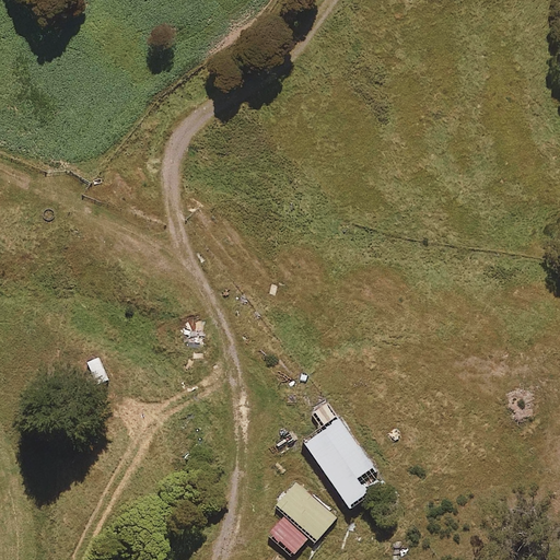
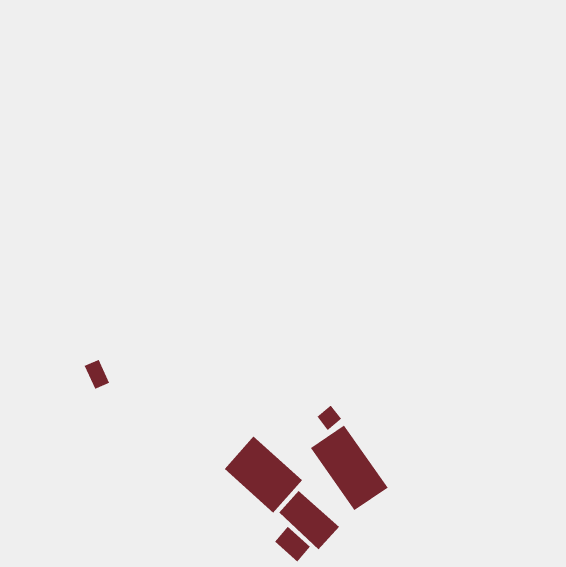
building: none -> [224,435,303,514]

